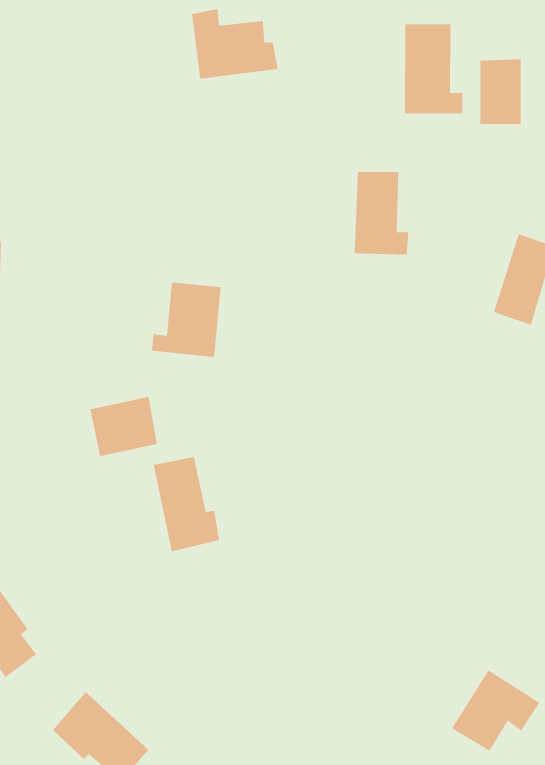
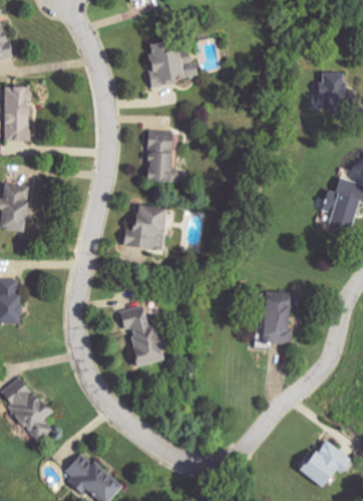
building: [404,24,463,114] -> none
building: [354,171,409,255] -> [144,132,177,182]
building: [90,396,157,457] -> none
building: none -> [262,291,295,343]

